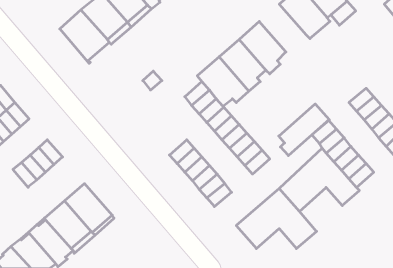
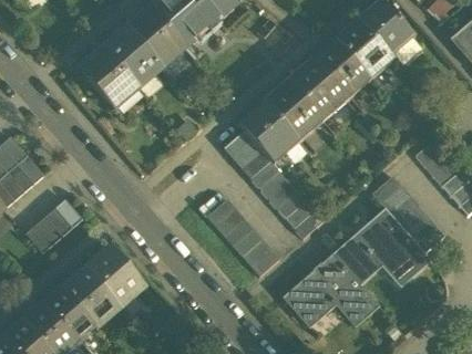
building: none -> [311,40,366,100]
building: [279,104,329,156] -> none

